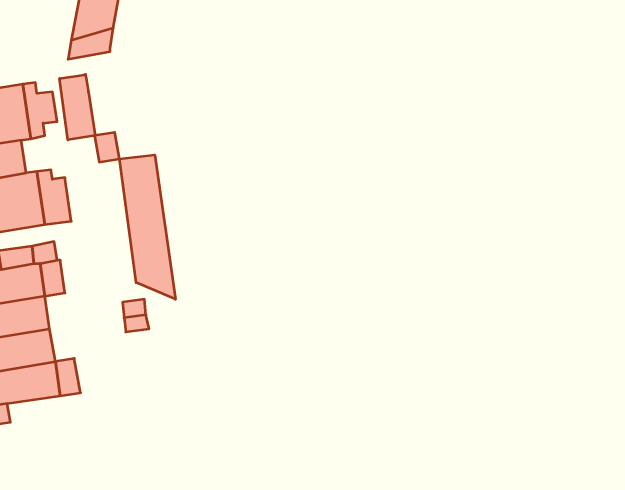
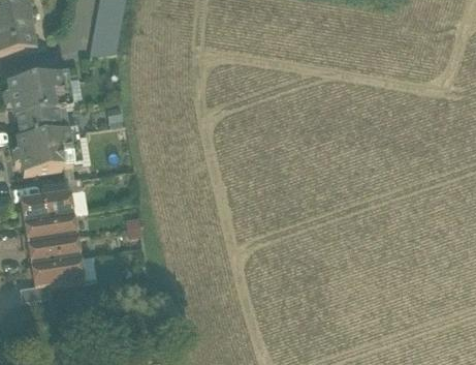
building: [60,74,95,140] -> none
building: [119,155,175,299] -> none

